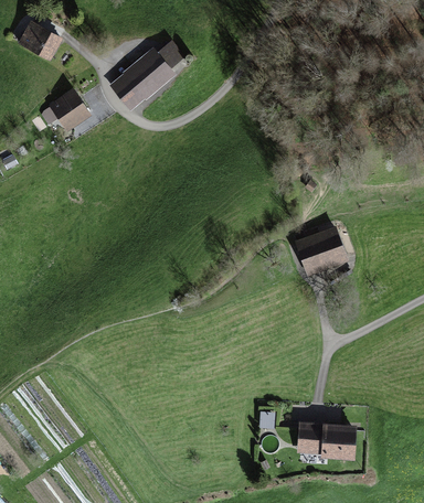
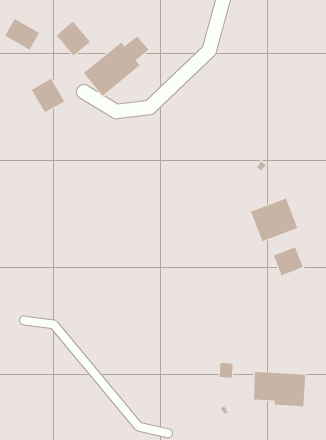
building: none -> [56,21,91,57]
building: none -> [273,247,304,276]

